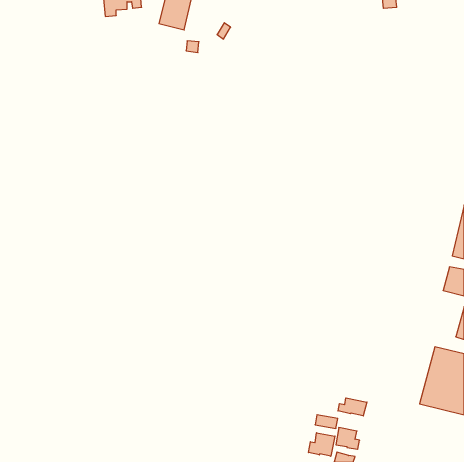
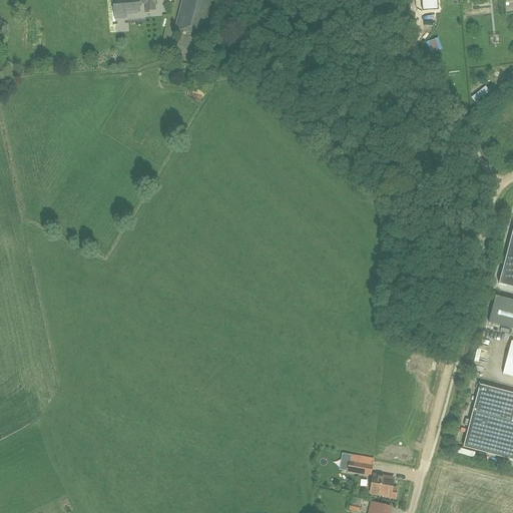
building: [338,398,367,416] -> none
building: [309,433,335,456] -> none

